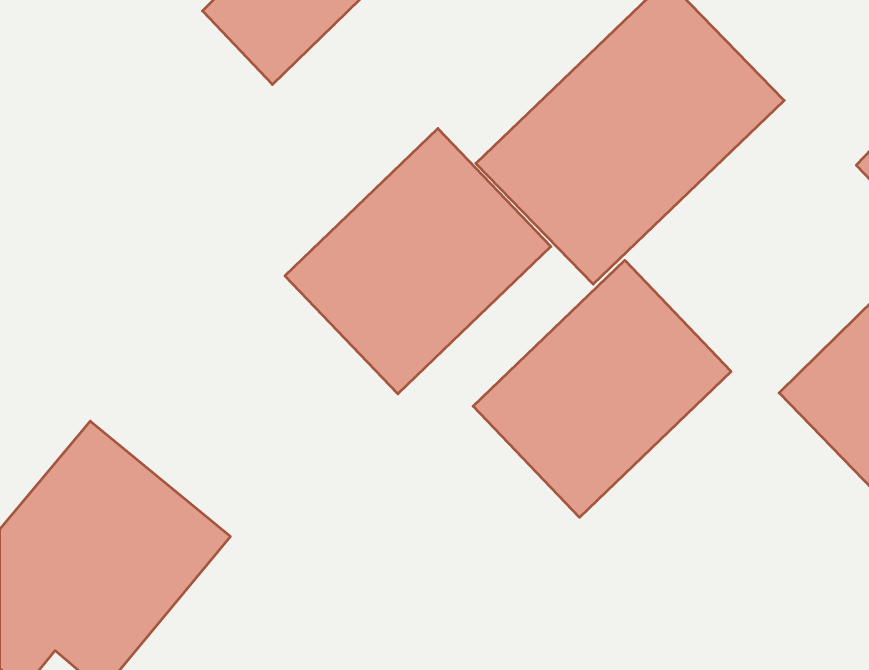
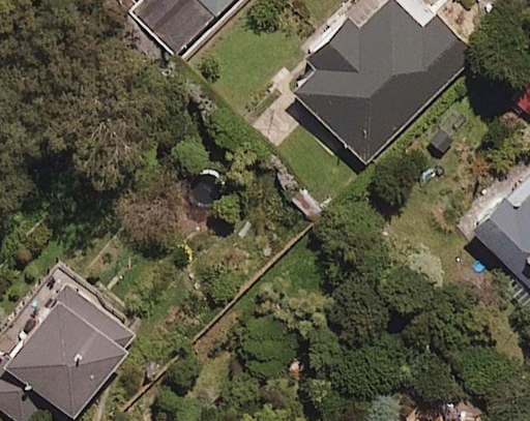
building: [285,128,551,394] -> none
building: [473,260,731,517] -> none

